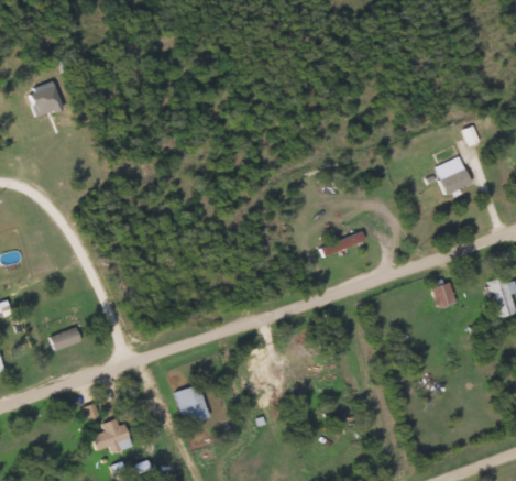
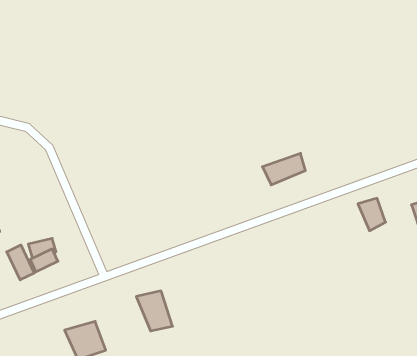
building: [26,86,62,120] -> none
building: [433,158,471,195] -> none
building: none -> [7,245,34,280]

